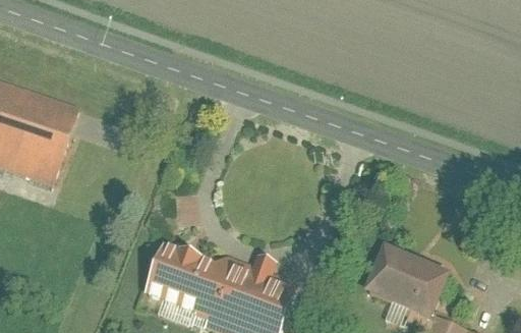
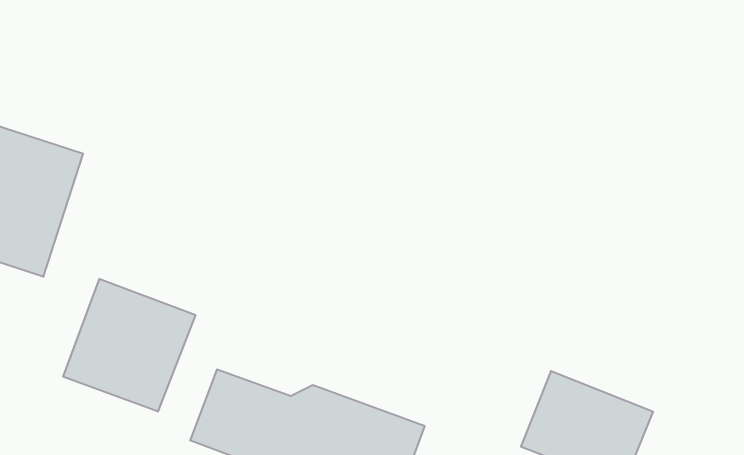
building: none -> [63,279,195,412]

